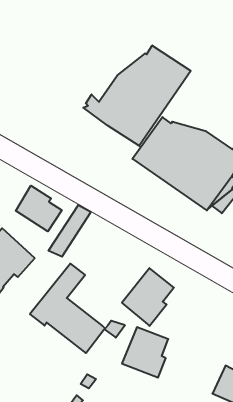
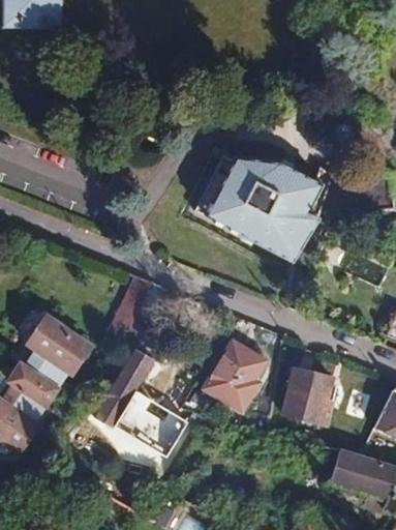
building: [83,45,191,146] -> none
building: [16,186,62,231] -> none
building: [122,327,168,378] -> [281,367,334,425]

